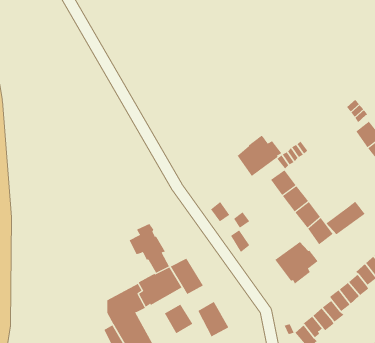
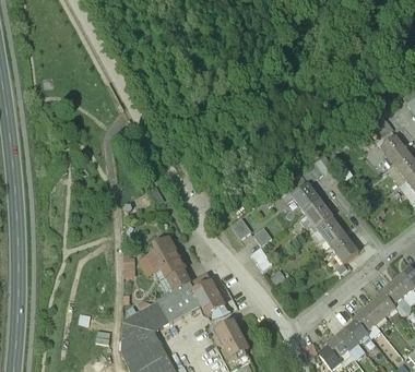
building: [237,135,282,177] -> none
building: [326,201,366,235] -> none
building: [275,241,318,285] -> none
building: [164,304,193,334] -> none

